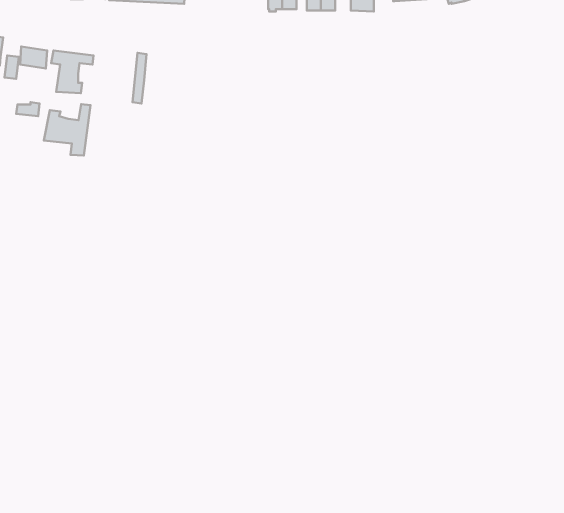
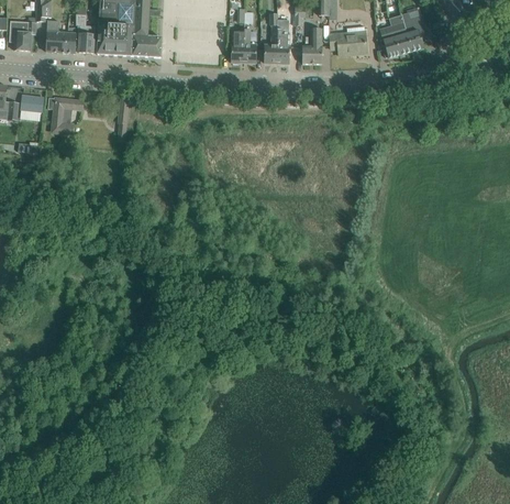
building: [44,104,90,155] -> none

